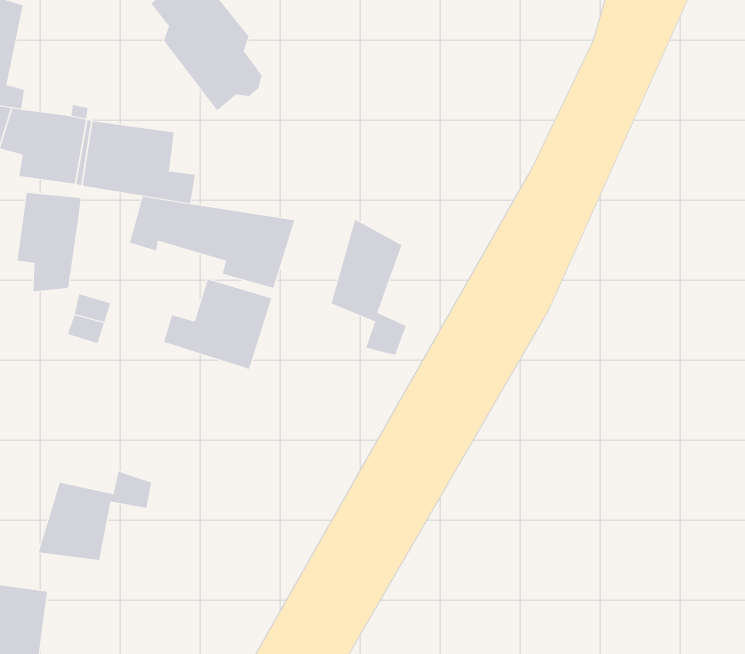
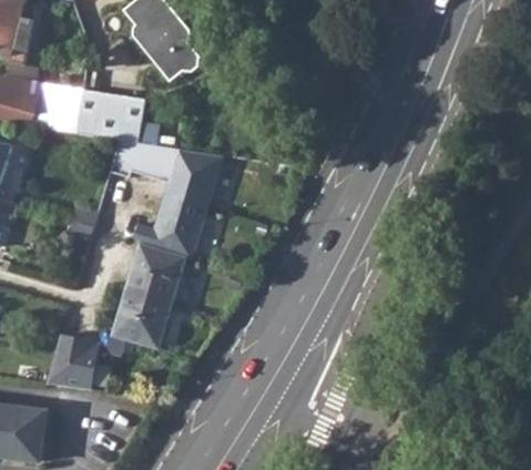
building: [17,192,81,292] -> none
building: [331,219,406,356] -> none
building: none -> [113,243,184,348]

